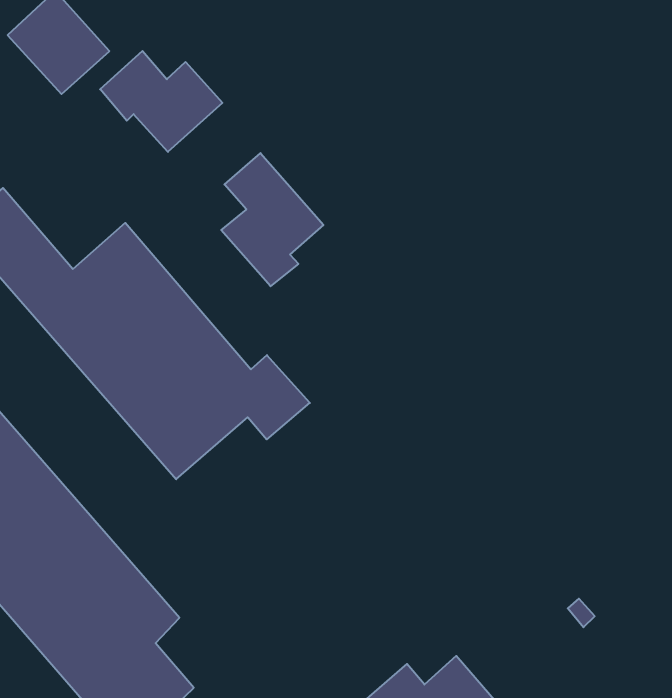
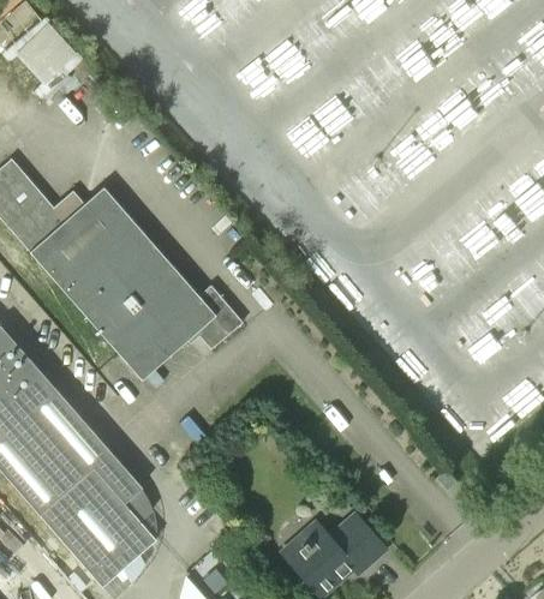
building: [100,51,222,152] -> none
building: [221,153,323,286] -> none

